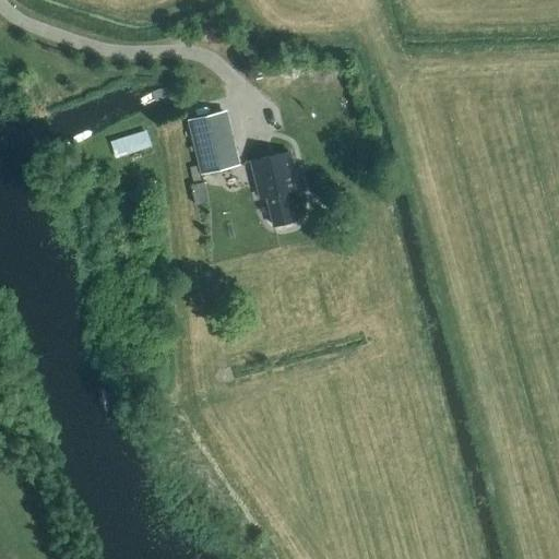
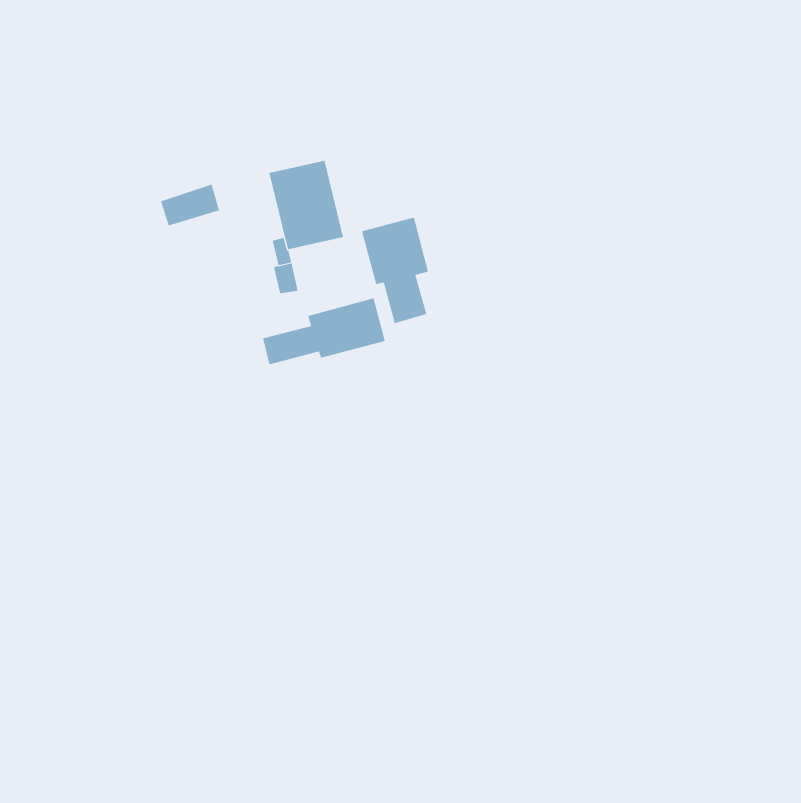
building: none -> [263,298,385,365]

